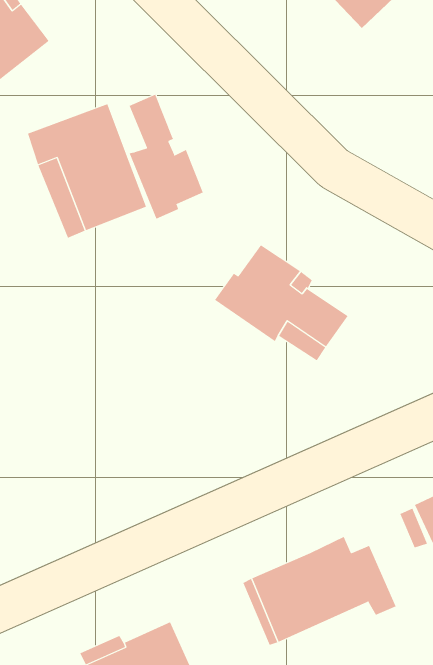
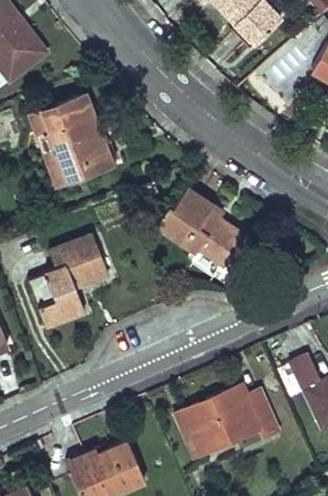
building: [129,94,204,220] -> none
building: none -> [27,234,109,327]

